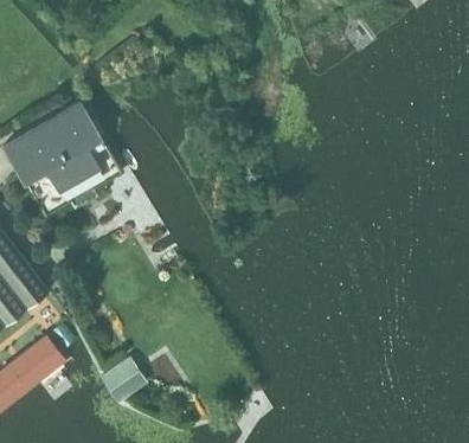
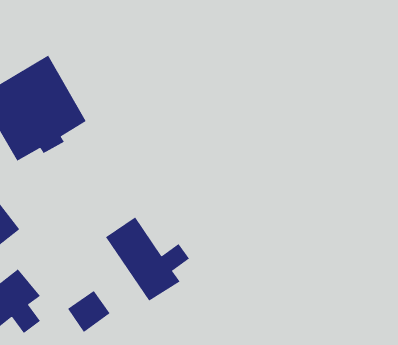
building: none -> [105,217,190,302]

